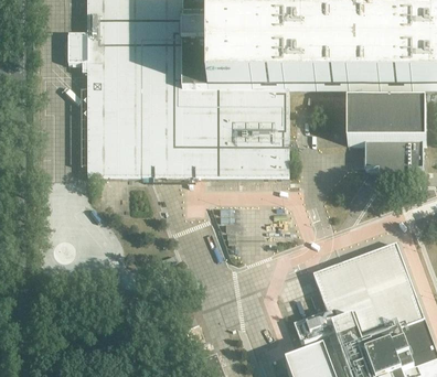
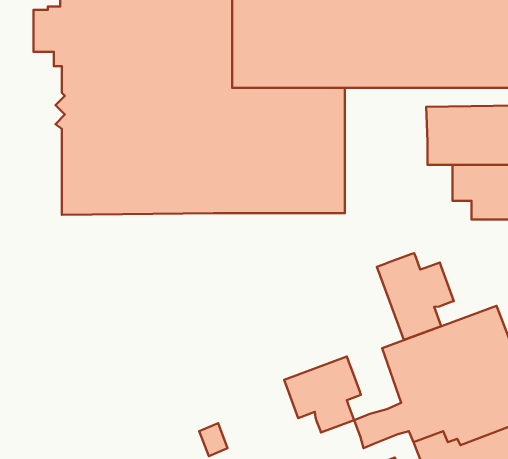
building: none -> [377,253,454,340]
building: none -> [284,356,361,432]

